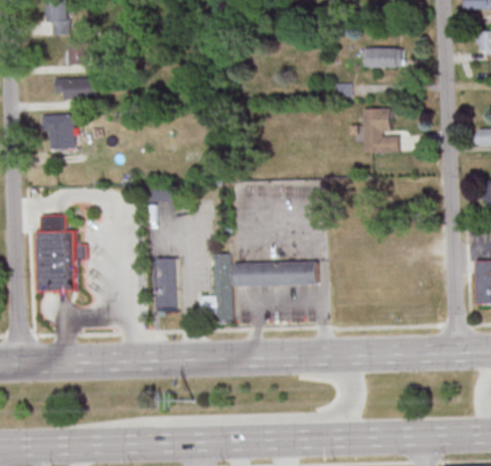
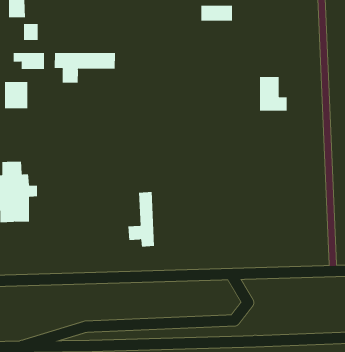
building: [364,47,404,67] -> [201,5,233,21]
building: none -> [54,52,115,84]
building: [155,258,177,309] -> none
building: [234,261,317,286] -> none

